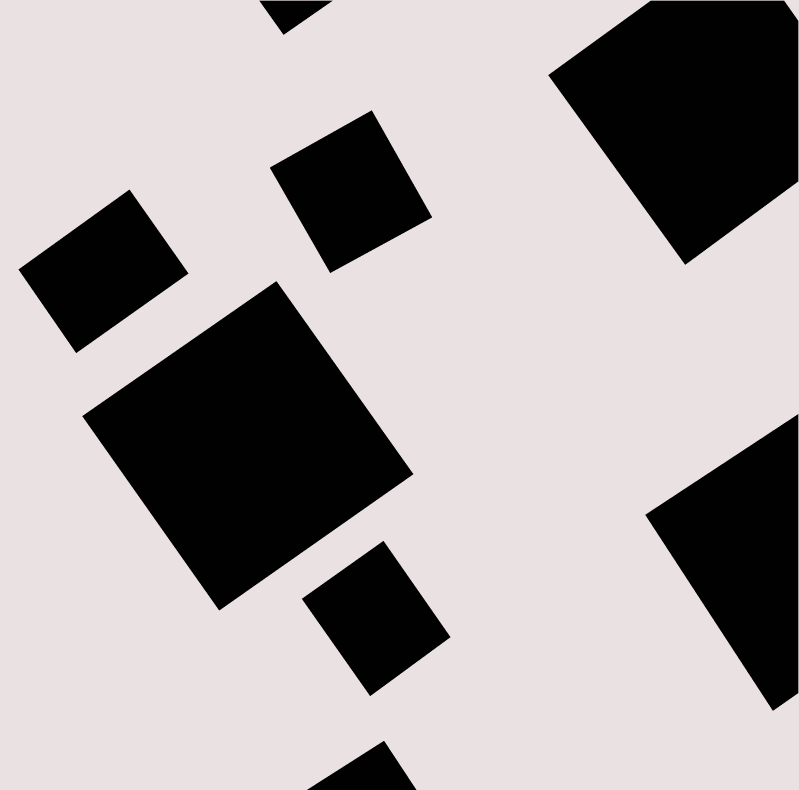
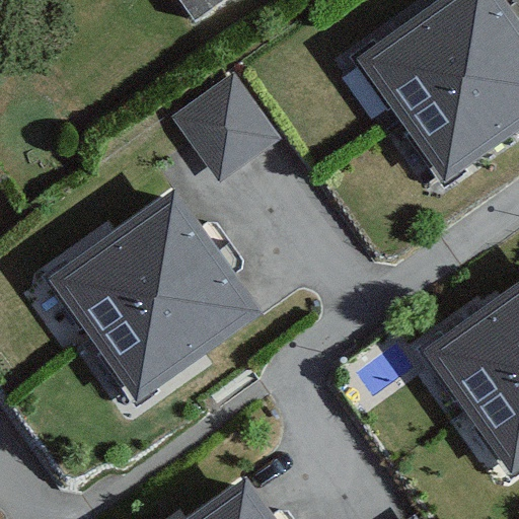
building: [17,189,189,354] -> none
building: [301,540,452,697] -> none

